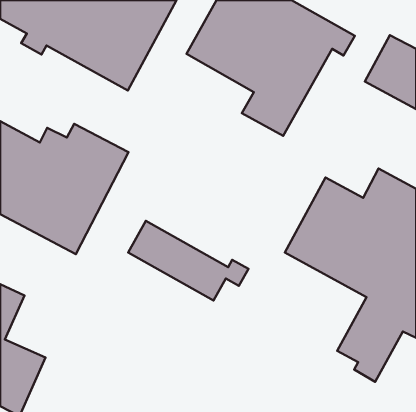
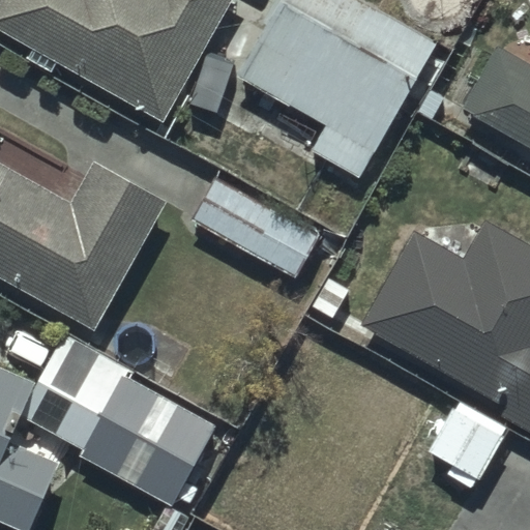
building: [128,221,249,301] -> [189,176,343,277]
building: none -> [19,333,214,502]

